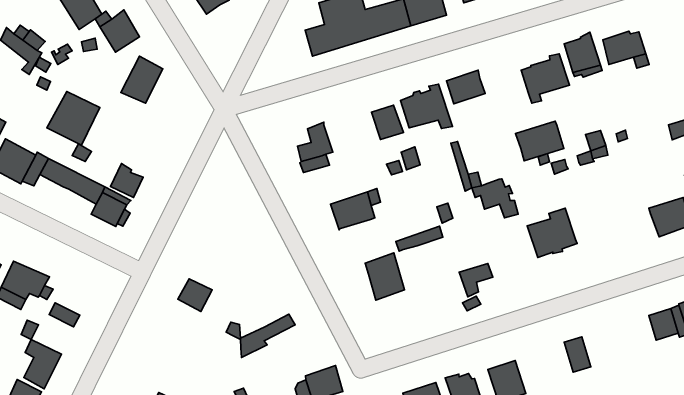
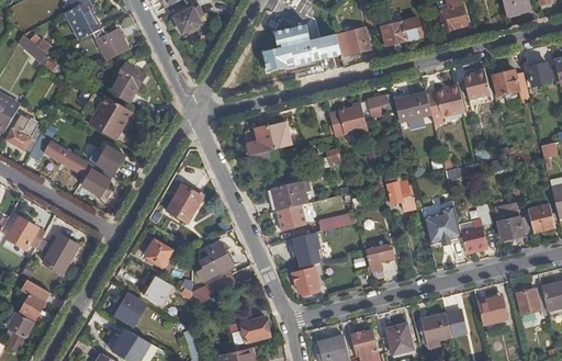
building: none -> [527,61,551,87]
building: [47,92,100,145] -> [90,97,133,139]
building: [372,105,404,140] -> [269,123,293,149]
building: [516,121,564,161] -> [394,91,431,121]
building: none -> [494,202,527,239]
building: none -> [461,204,493,251]
building: none -> [167,184,203,222]
building: none -> [277,204,305,230]
building: none -> [198,244,233,282]
building: none -> [48,234,78,264]
building: none -> [293,268,318,297]
building: none -> [476,295,507,325]
building: none -> [143,277,173,304]
building: none -> [116,291,148,325]
building: none -> [420,312,451,341]

